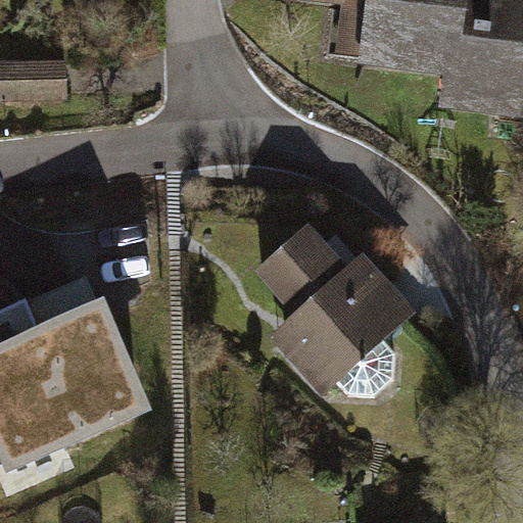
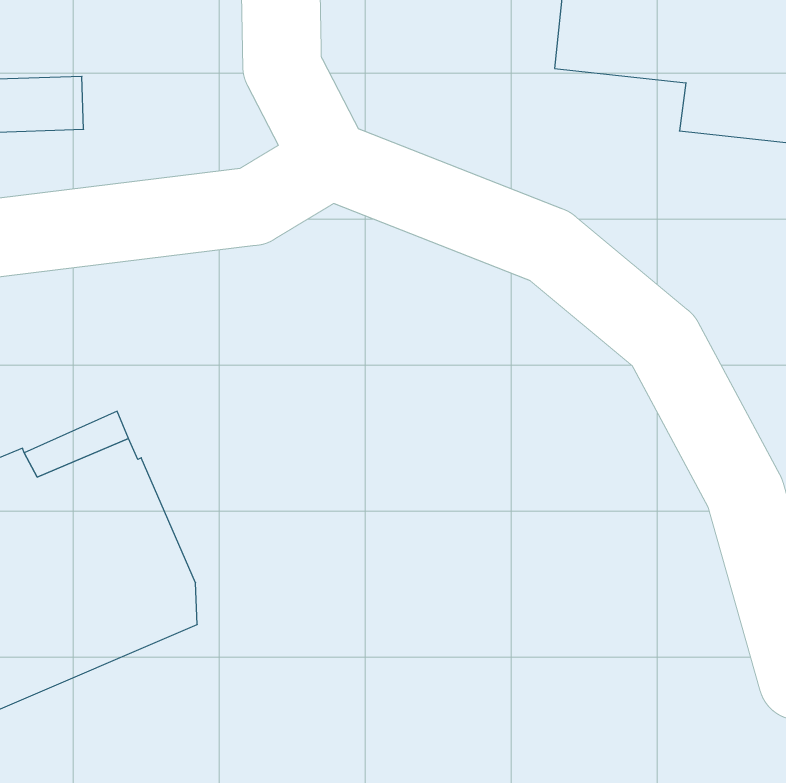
building: [263,232,408,394] -> none

